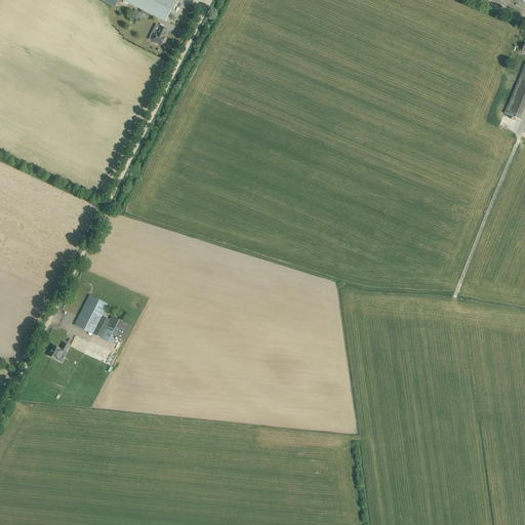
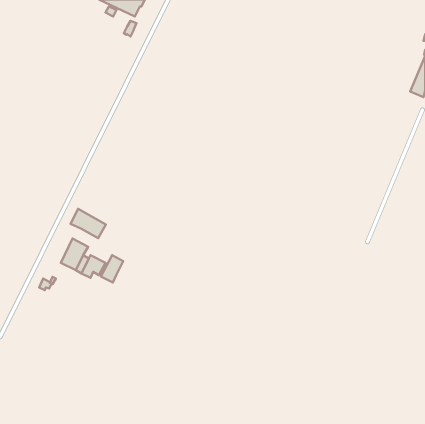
building: none -> [70,209,106,238]
building: none -> [101,255,123,282]

